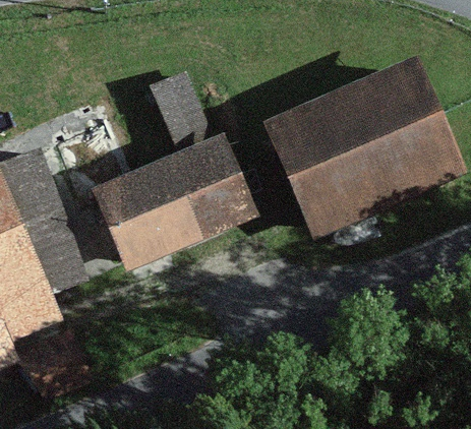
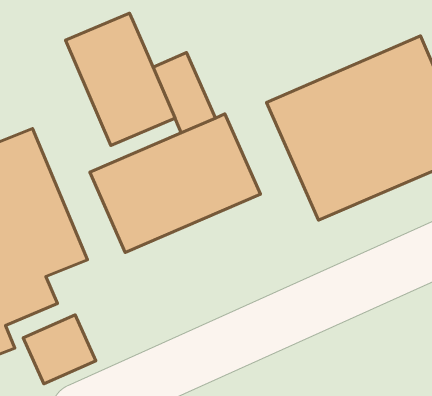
building: none -> [65,13,175,145]

